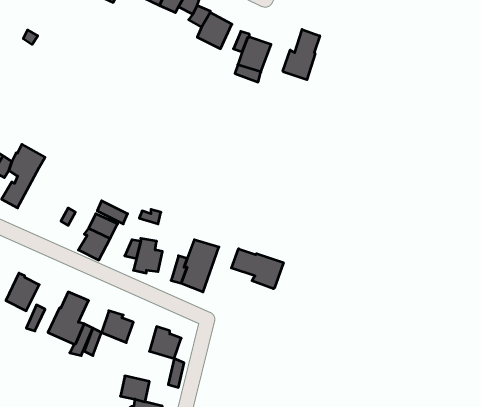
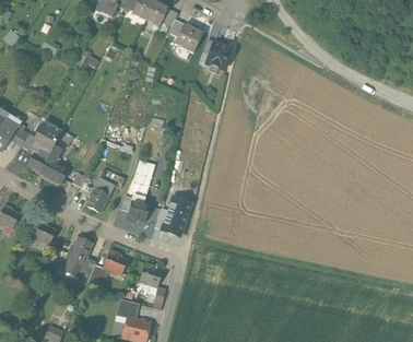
building: [283,29,320,80] -> none
building: none -> [39,142,68,184]
building: [231,249,283,289] -> none

